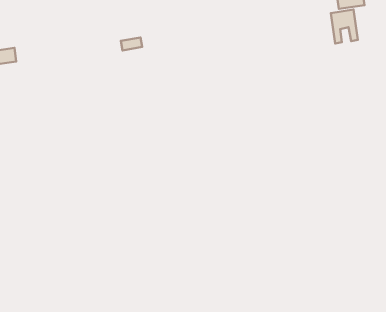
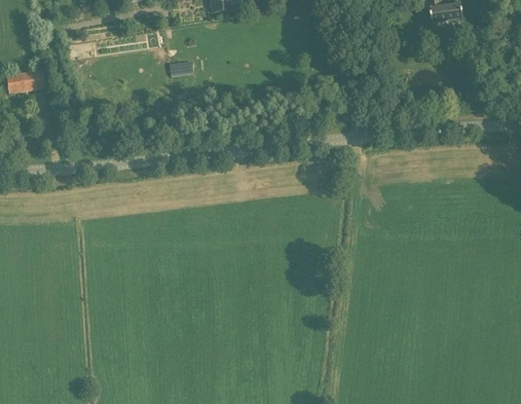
building: [331,10,358,43] -> none

